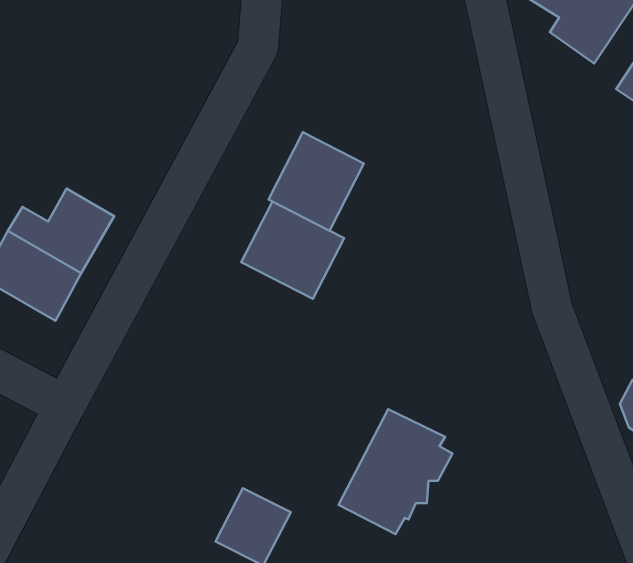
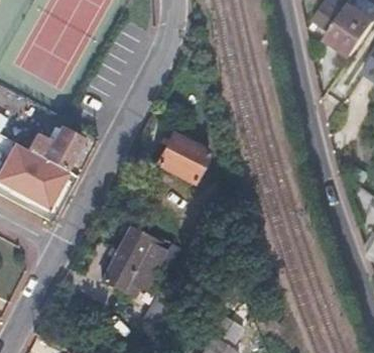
building: [268,132,364,231] -> none
building: [339,409,453,534] -> [103,226,165,295]

